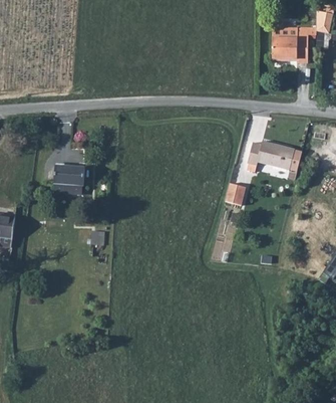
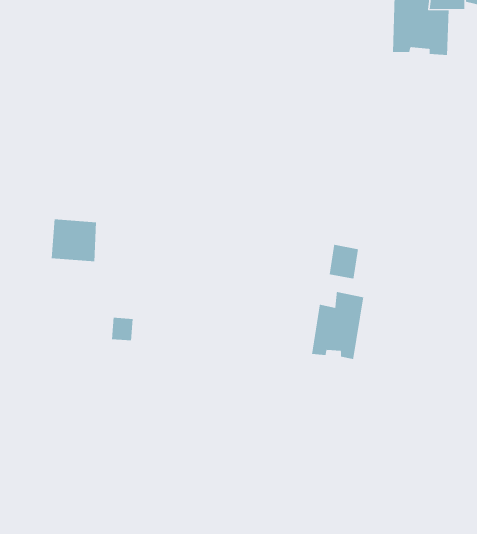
building: [249,141,296,169] -> none
building: none -> [311,291,364,360]

